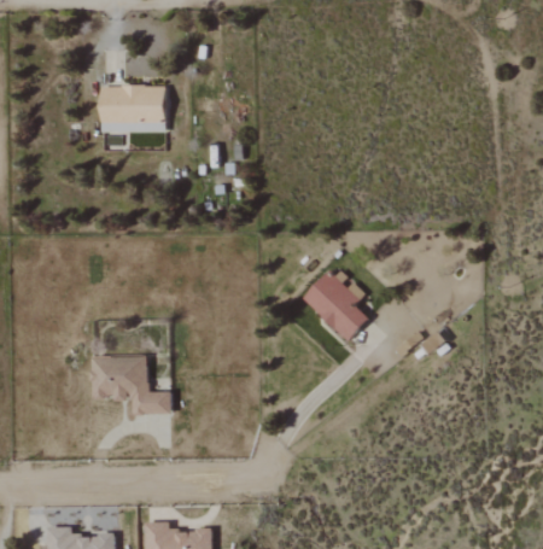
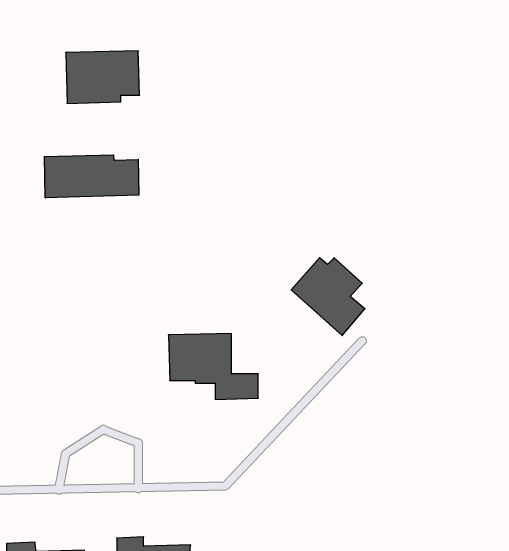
building: none -> [44,155,139,198]
building: [91,356,171,415] -> [168,334,258,399]

